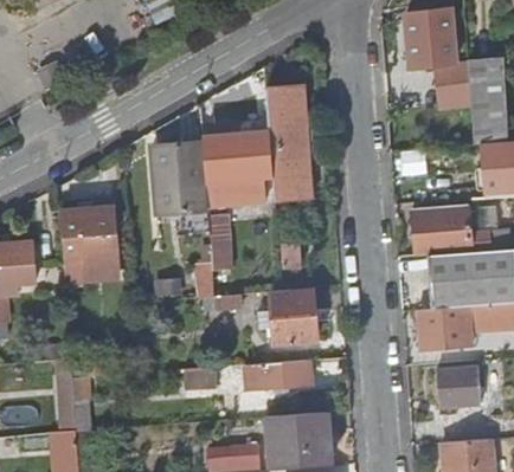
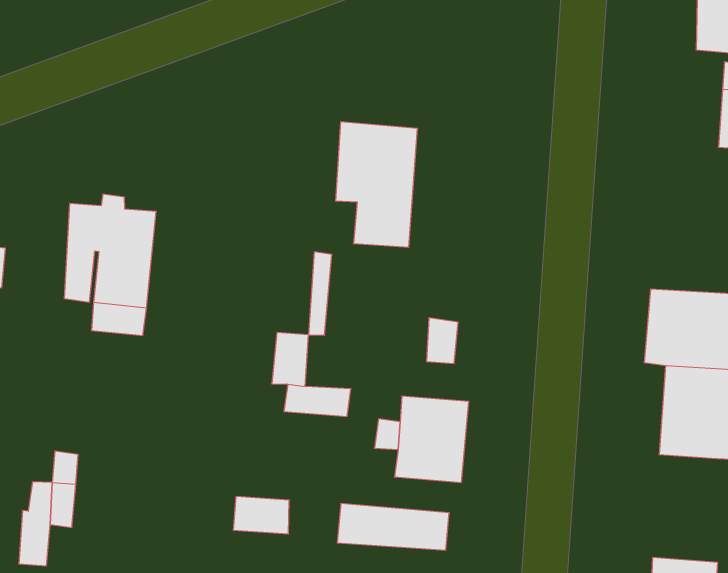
building: [269,92,311,202] -> none
building: [156,147,211,209] -> none
building: [417,306,469,353] -> none

